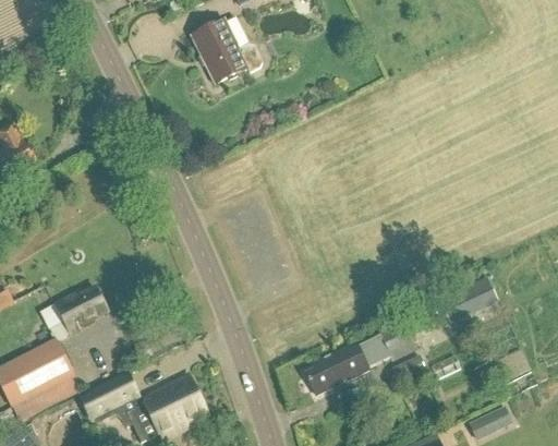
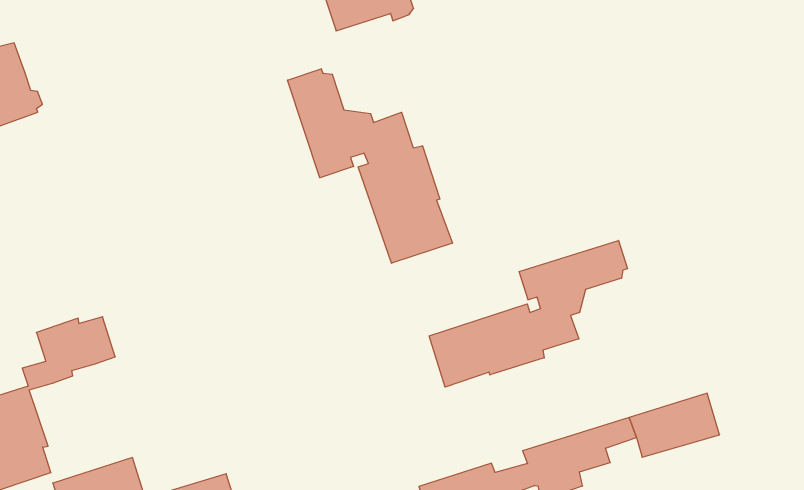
building: none -> [288,69,452,263]
building: none -> [429,240,628,387]

